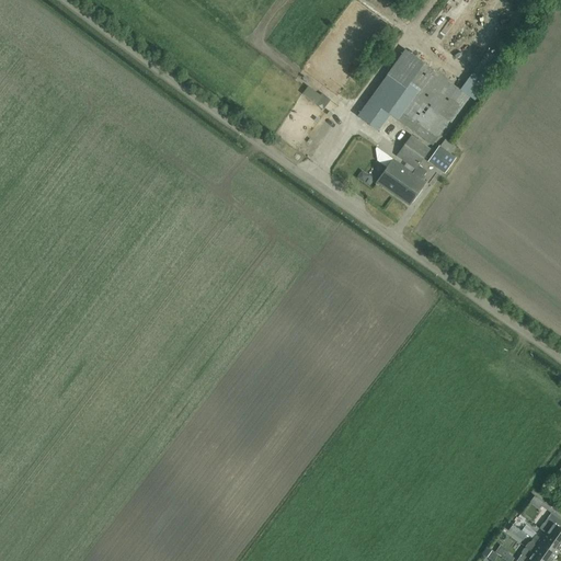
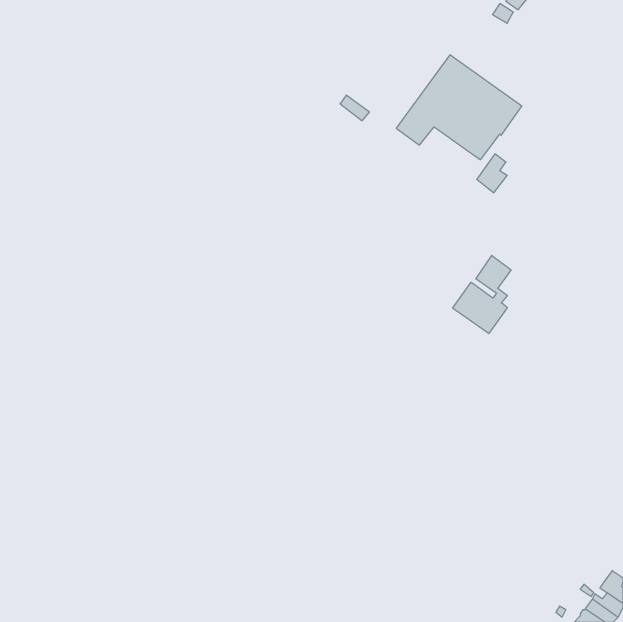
building: [376,135,428,205] -> [453,255,511,333]

